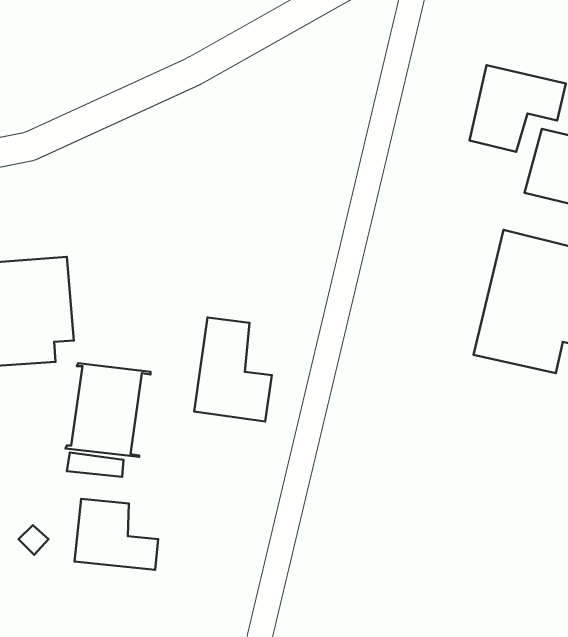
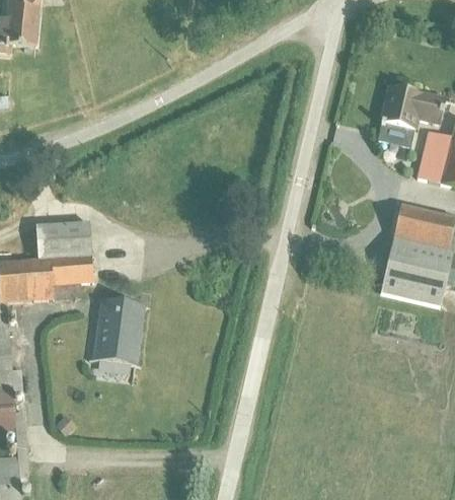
building: [194,318,272,421] -> none
building: [74,499,158,570] -> none

